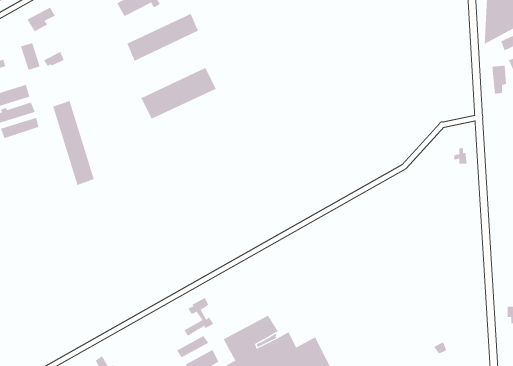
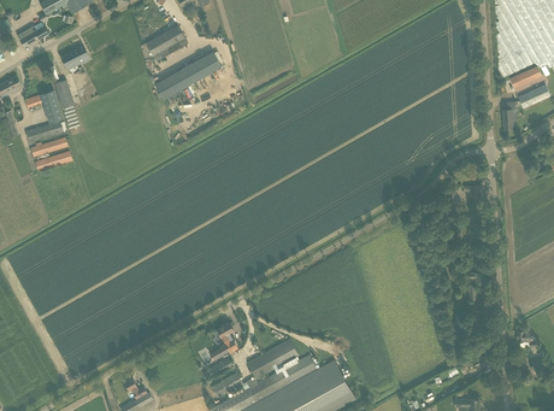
building: [141,67,216,120] -> none
building: [52,100,94,186] -> none

